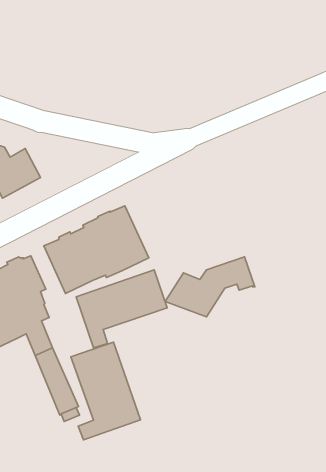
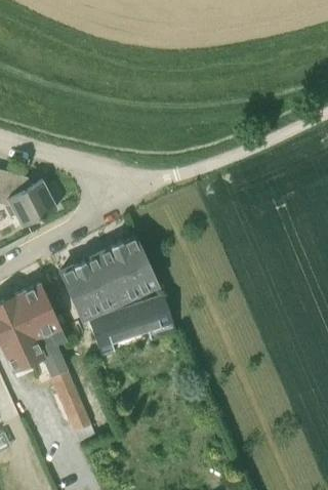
building: [165,257,255,317] -> none
building: [71,342,140,440] -> none

